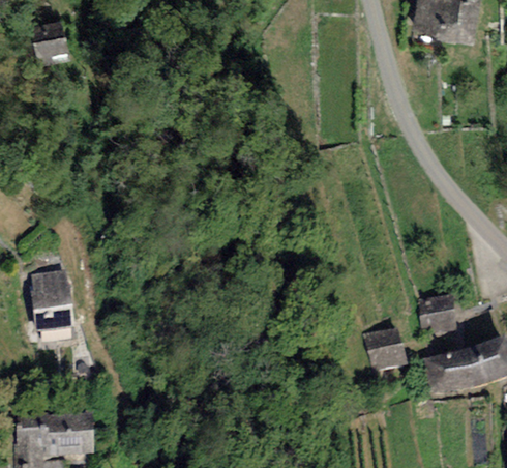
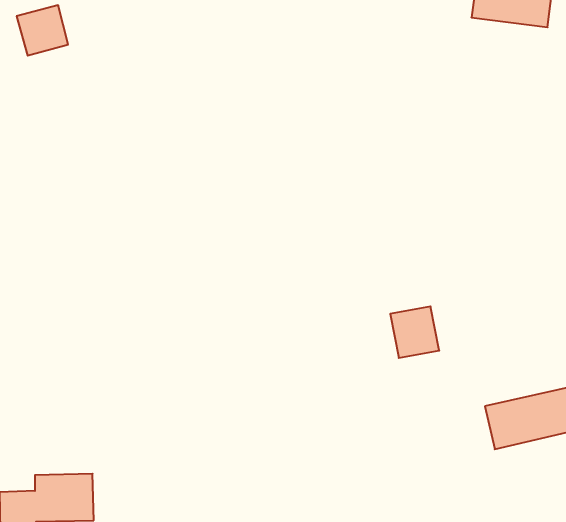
building: [28,271,70,334] -> none
building: [419,296,456,334] -> none
building: [365,328,407,372] -> [390,306,439,358]

